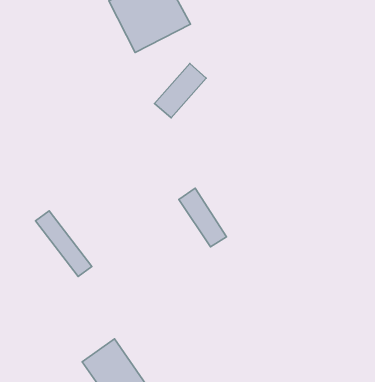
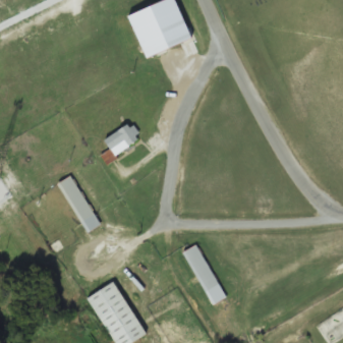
building: [155,64,206,118] -> [98,121,139,163]
building: [179,188,227,247] -> [183,244,219,291]

